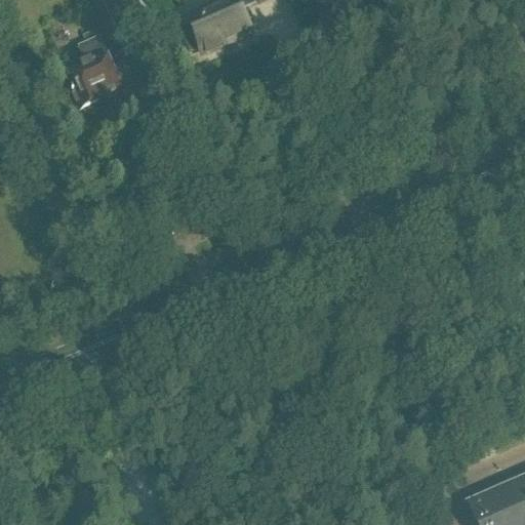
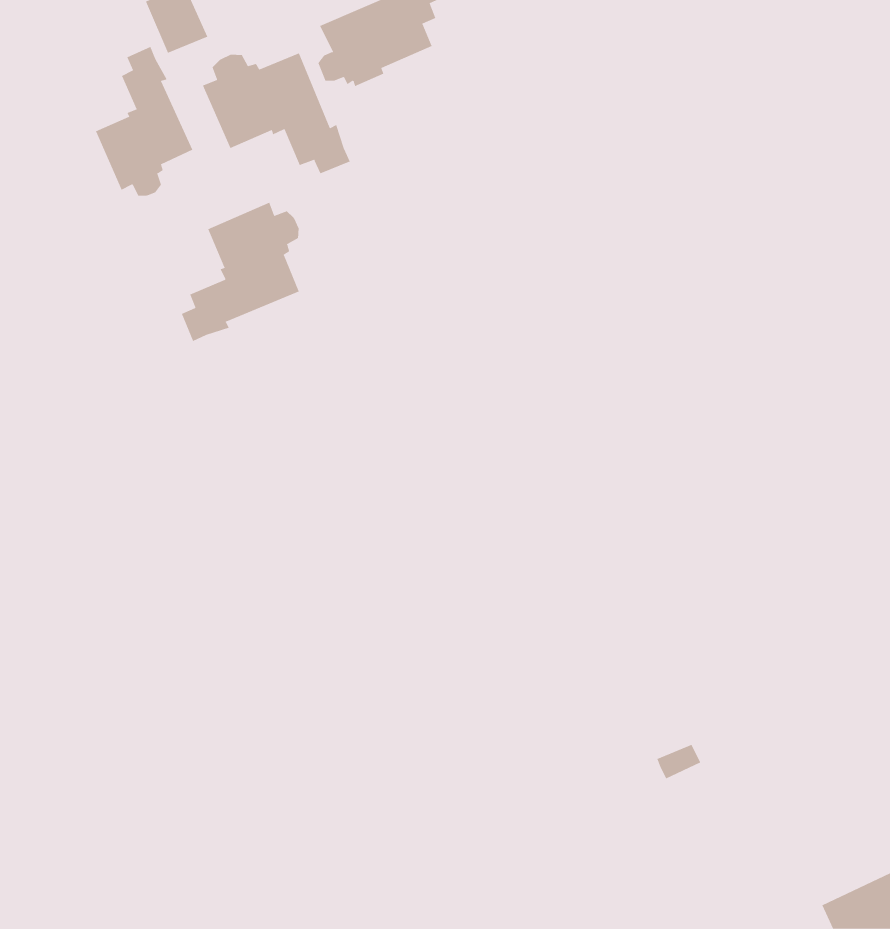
building: none -> [202,52,350,174]
building: none -> [181,202,299,342]

